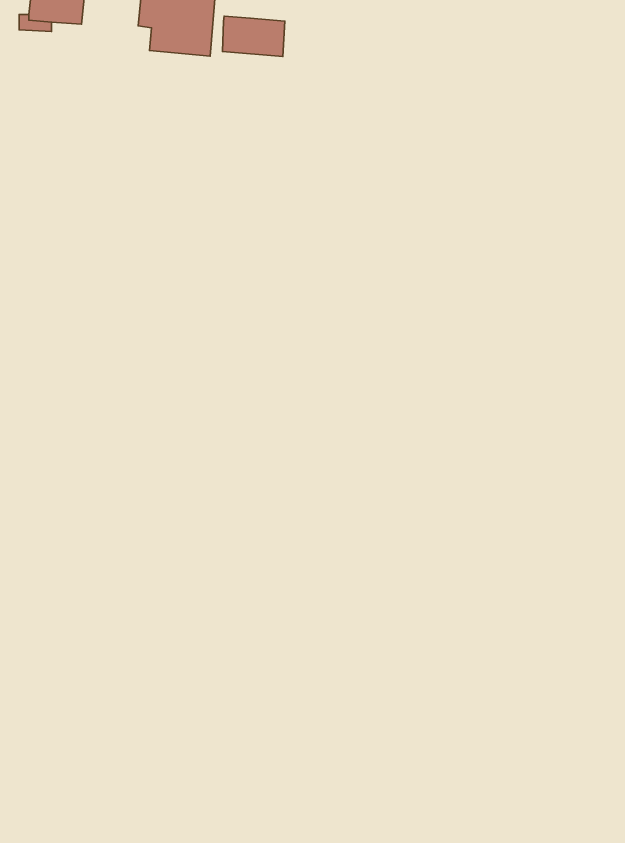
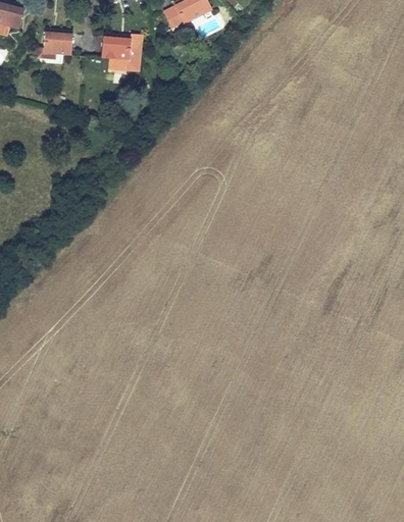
building: [222,16,285,56] -> none

